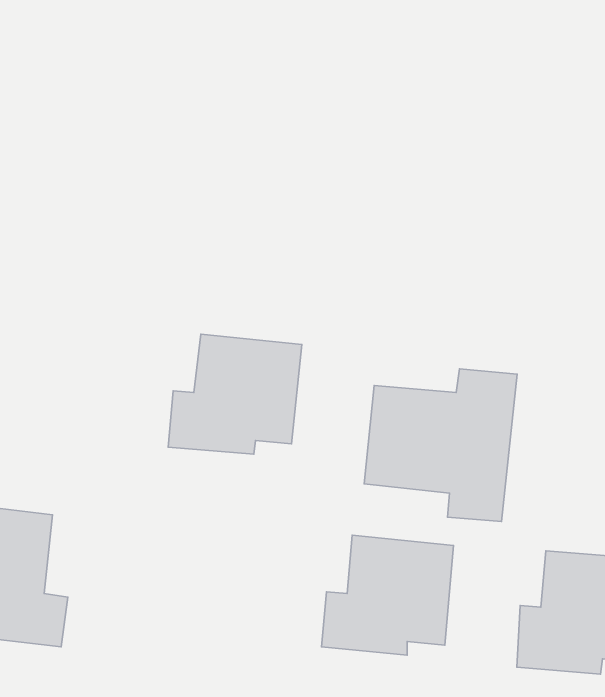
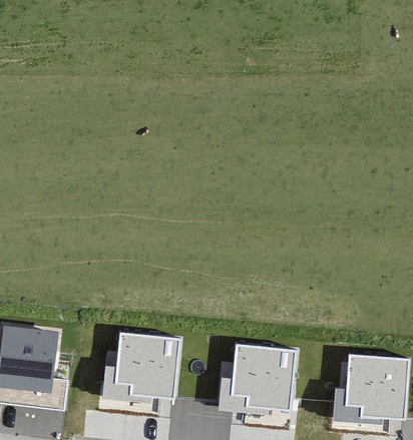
building: [168,334,302,454] -> [100,332,178,402]
building: [364,369,517,522] -> none

